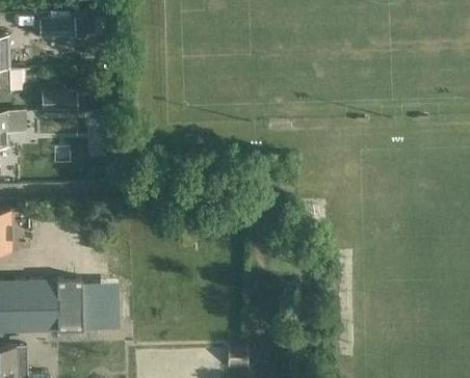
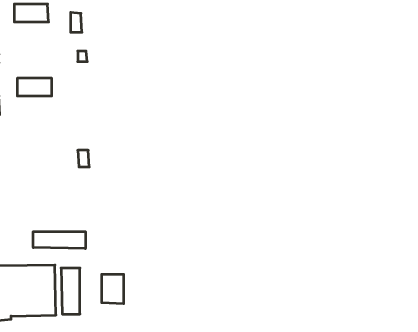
building: none -> [33,232,85,249]
building: none -> [102,274,124,304]

